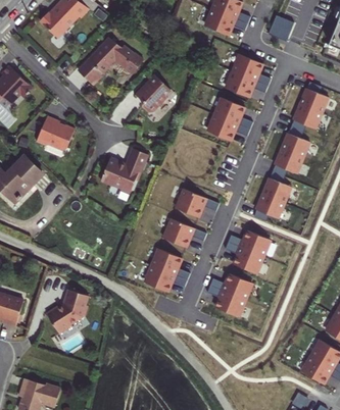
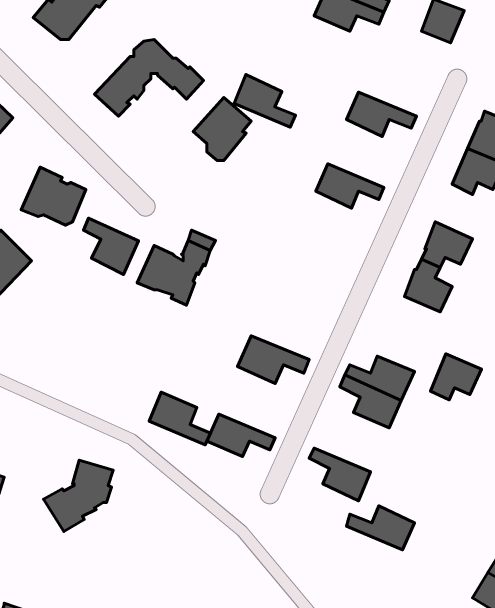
building: [235,53,273,85] -> none
building: [216,96,253,127] -> [234,74,295,127]
building: [281,125,310,158] -> none
building: none -> [83,218,138,275]
building: [175,186,218,215] -> none
building: [253,193,284,220] -> [431,354,482,400]
building: [151,246,188,277] -> [149,392,210,445]
building: [208,271,249,298] -> [346,506,414,550]

